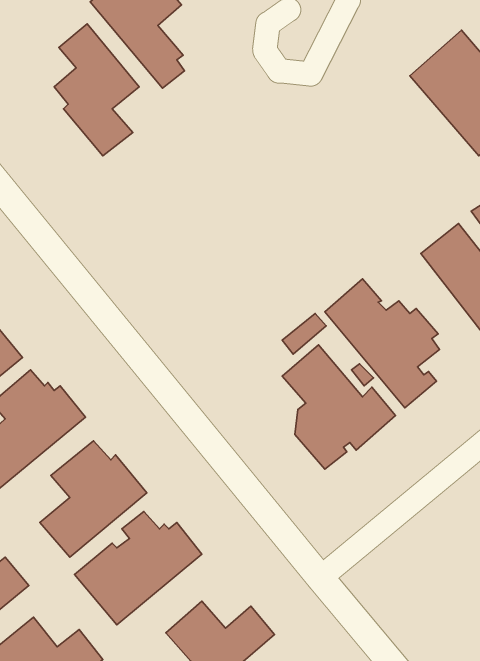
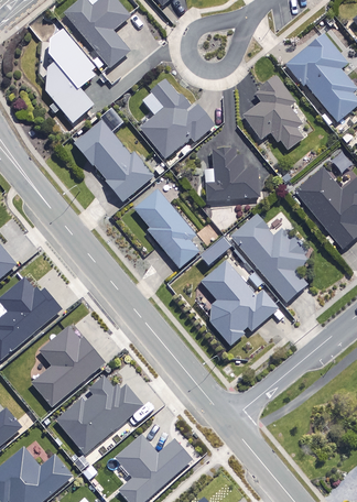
building: none -> [244,77,304,154]
building: none -> [141,83,214,161]
building: none -> [75,121,154,204]
building: none -> [204,152,260,204]
building: none -> [132,186,199,266]

